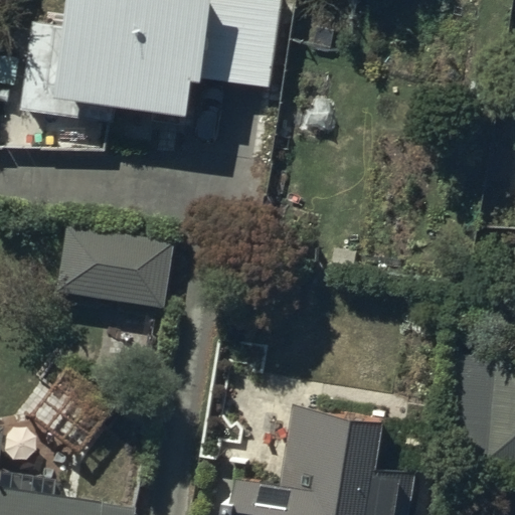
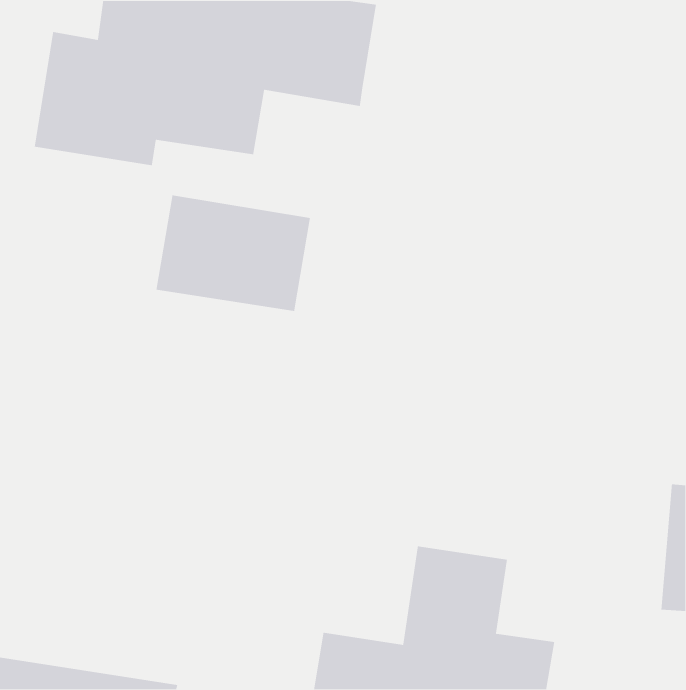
building: [53,226,169,314] -> [156,194,311,312]

